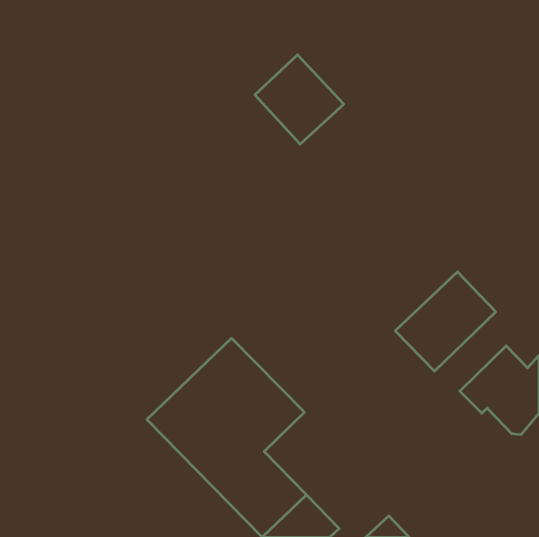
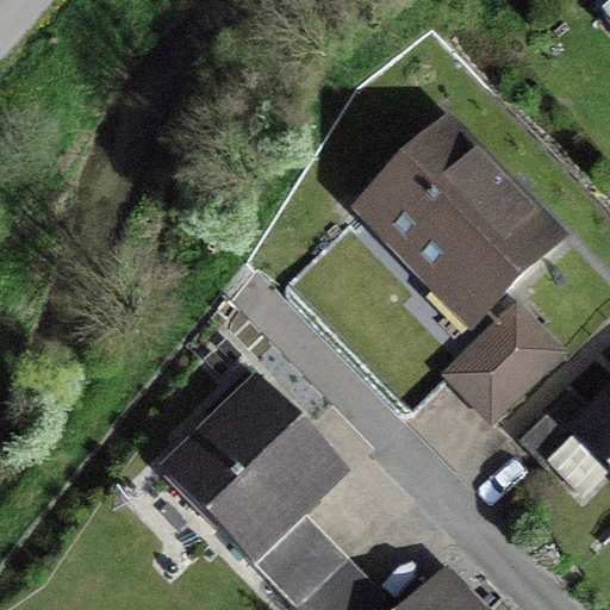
building: [255,55,344,144] -> none
building: none -> [362,126,554,309]

